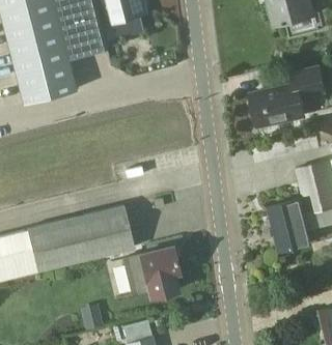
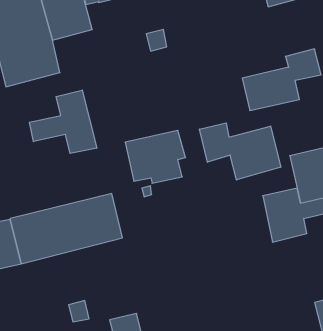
building: none -> [29,90,97,153]
building: none -> [200,123,281,180]
building: [122,248,181,298] -> [125,130,186,183]

